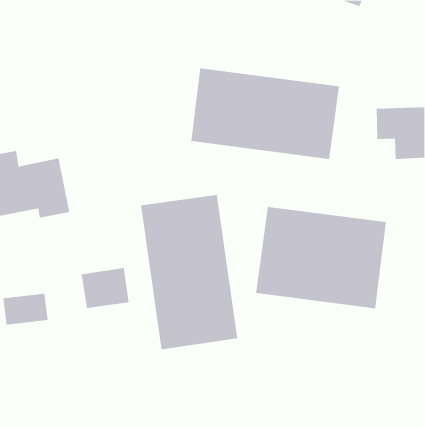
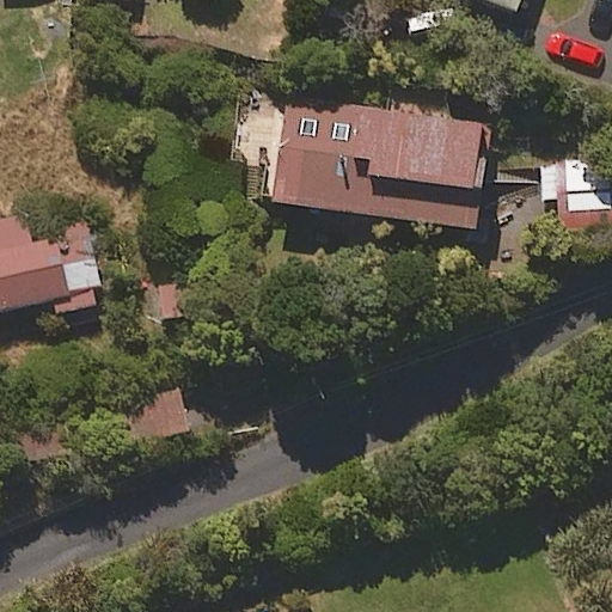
building: [140,194,238,350] -> none
building: [256,206,387,309] -> none

